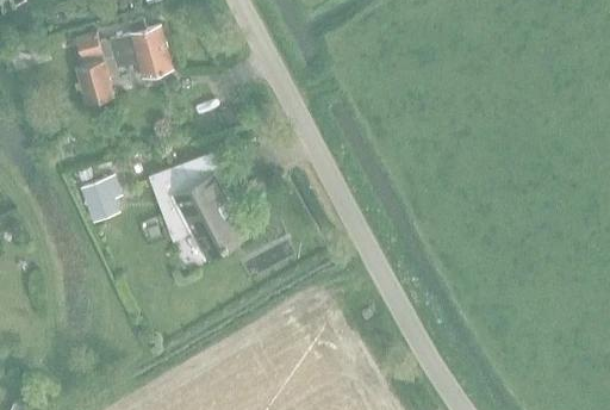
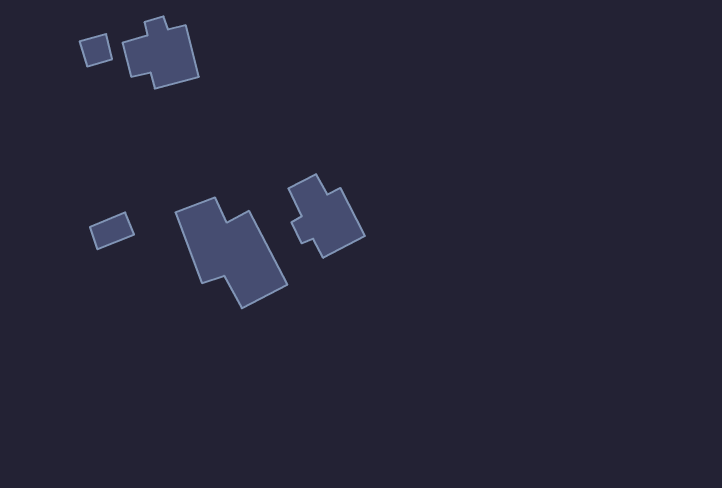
building: [75,60,112,104] -> none
building: none -> [288,174,365,258]

